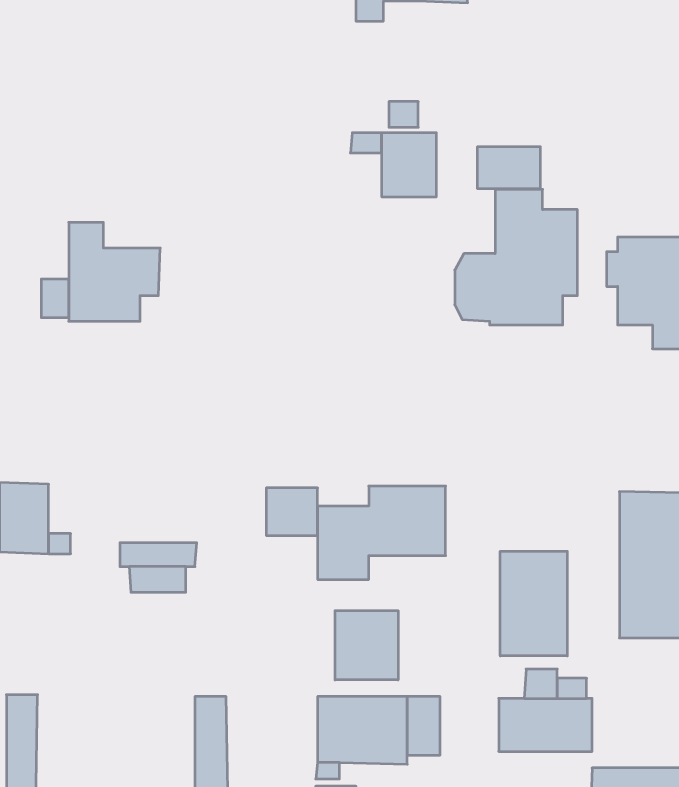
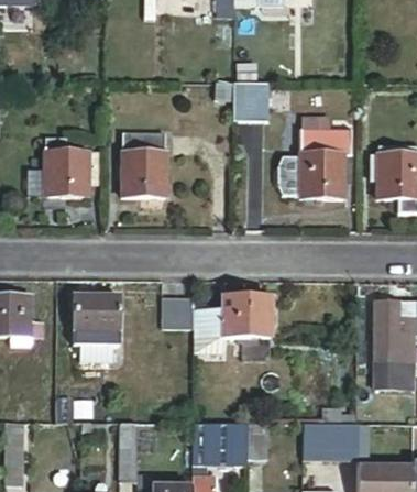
building: [478,147,540,189] -> none
building: none -> [122,129,163,196]
building: none -> [76,294,122,329]
building: [500,551,567,656] -> none
building: [335,611,398,680] -> none

